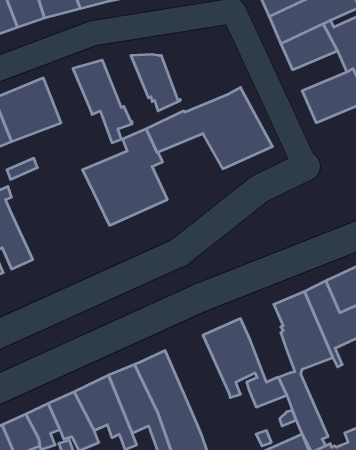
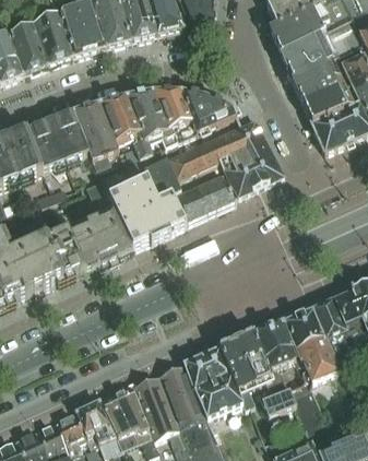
building: none -> [302,84,353,121]
building: none -> [127,88,178,150]
building: none -> [181,88,237,130]
building: none -> [72,101,119,159]
building: none -> [173,172,236,222]
building: none -> [41,178,133,277]
building: none -> [254,320,296,391]
building: none -> [185,347,244,427]

